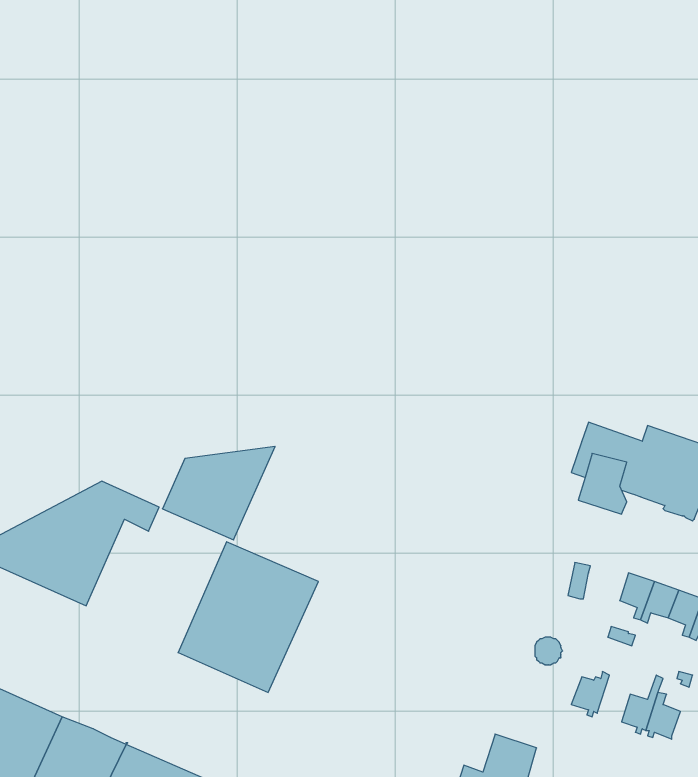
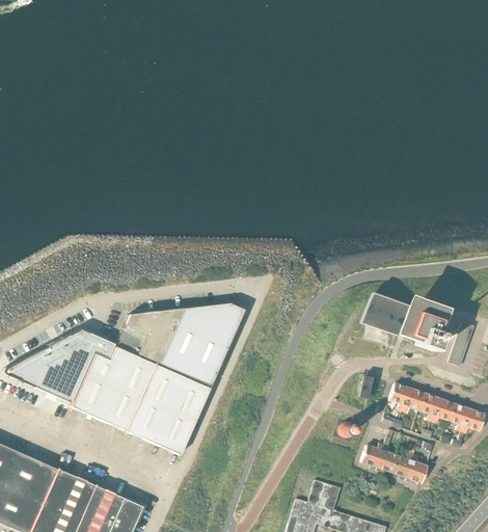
building: none -> [160,302,244,387]
building: none -> [72,347,156,431]
building: none -> [378,429,398,473]

